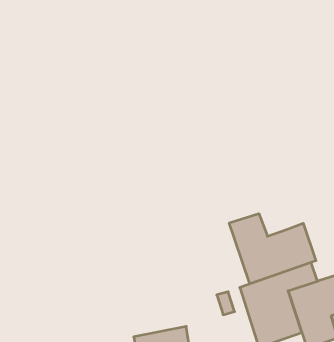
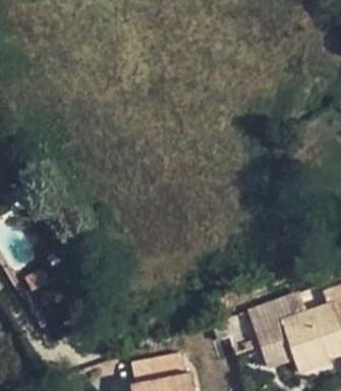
building: [229,214,316,284] -> none

